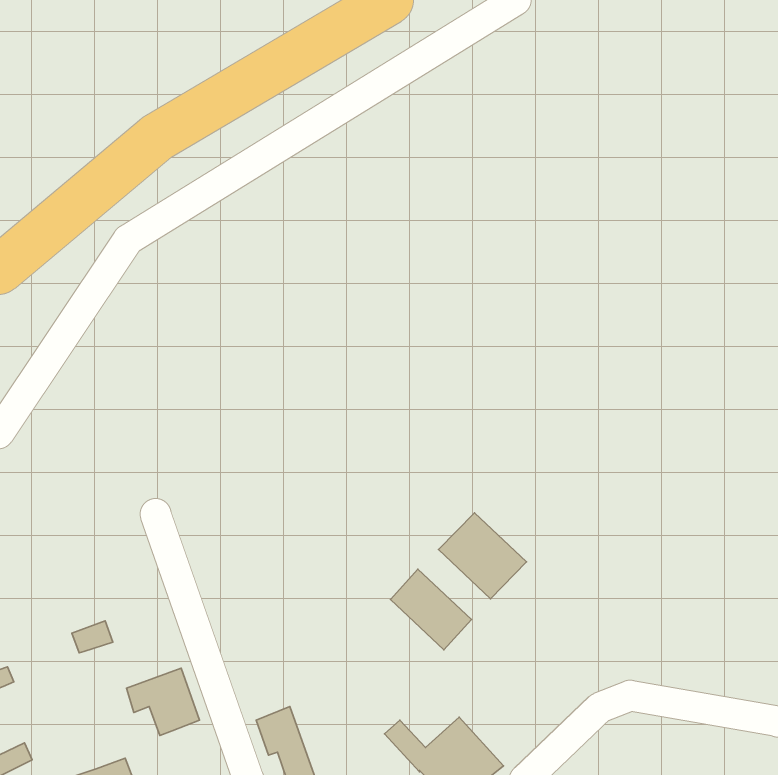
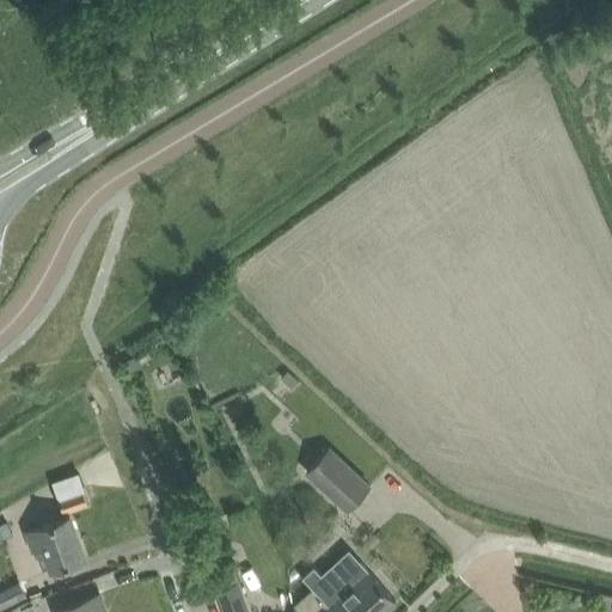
building: [439,513,527,599] -> none
building: [126,668,200,735] -> [26,519,84,571]

